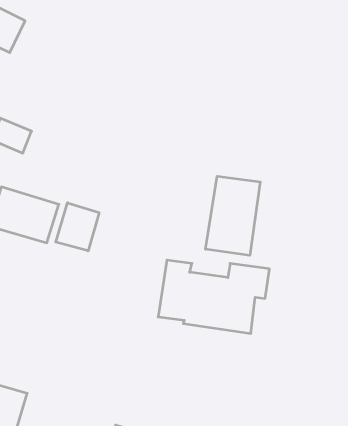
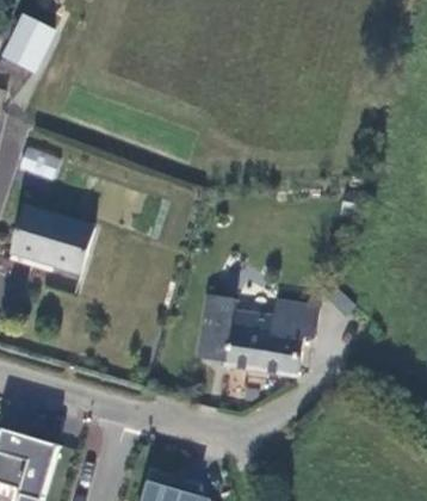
building: [206,176,260,255] -> none
building: [56,203,99,251] -> none

